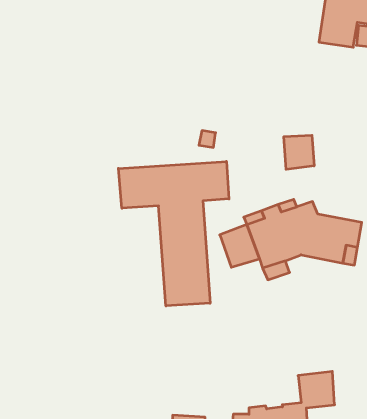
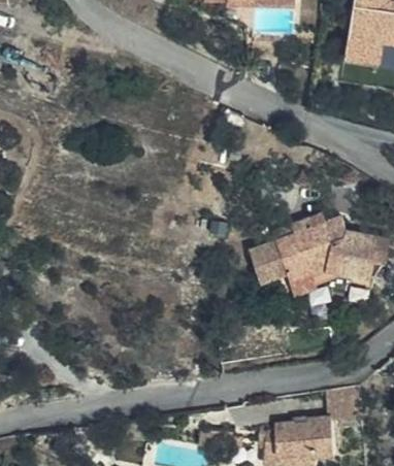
building: [284,135,314,169] -> none
building: [118,161,229,306] -> none

